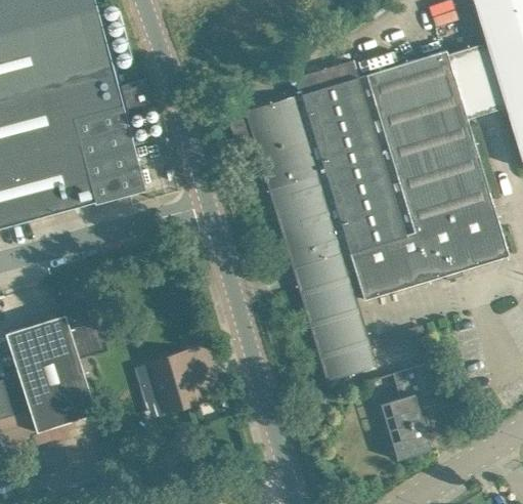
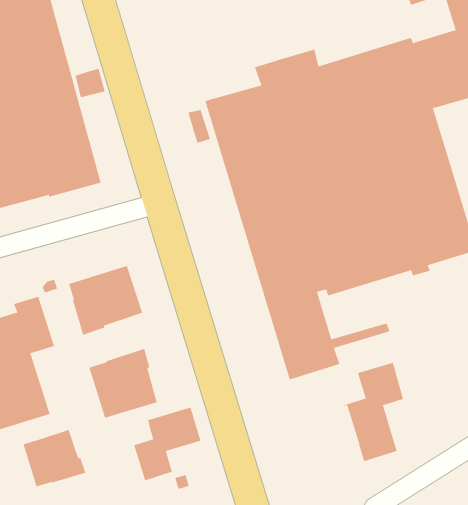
building: none -> [68,265,143,336]
building: none -> [133,407,201,481]
building: none -> [23,429,86,487]

